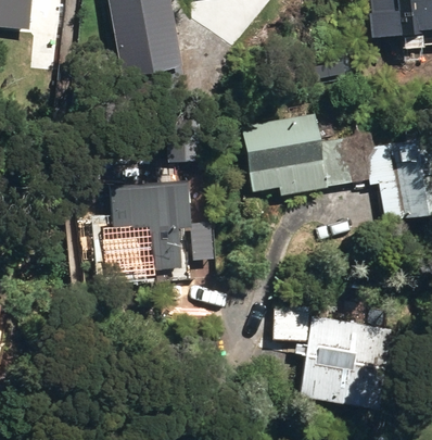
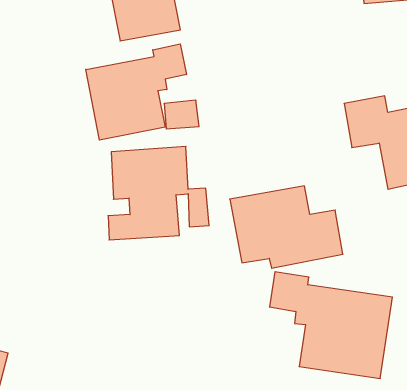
building: none -> [86,44,186,140]
building: [240,114,352,196] -> [230,186,343,268]

